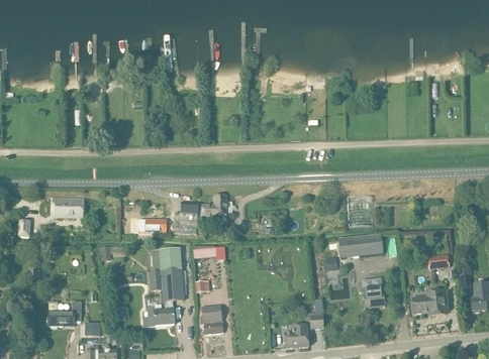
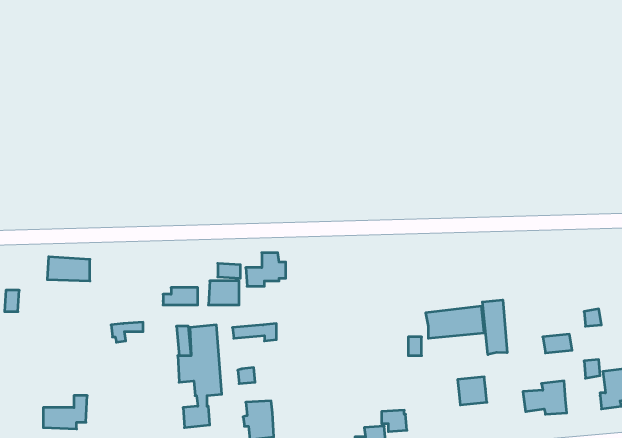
building: none -> [482,300,507,355]

